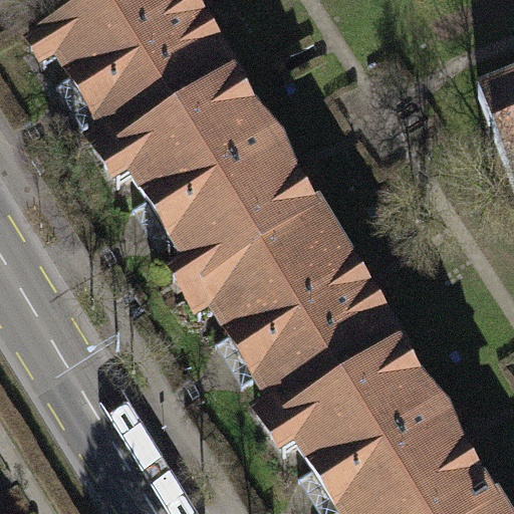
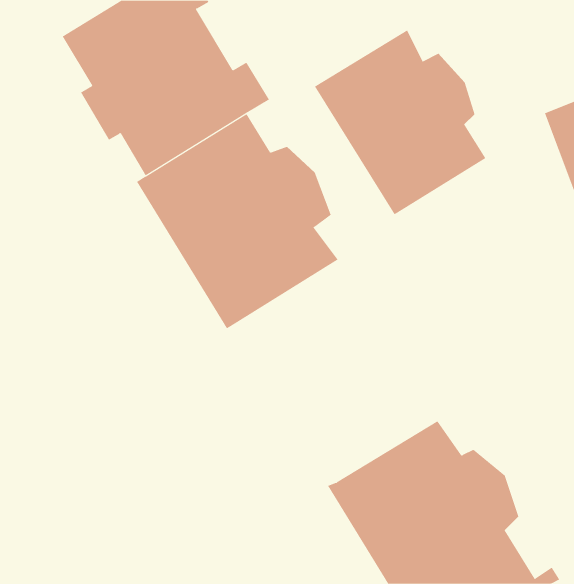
building: none -> [314,29,486,215]
building: [218,218,412,424] -> none

